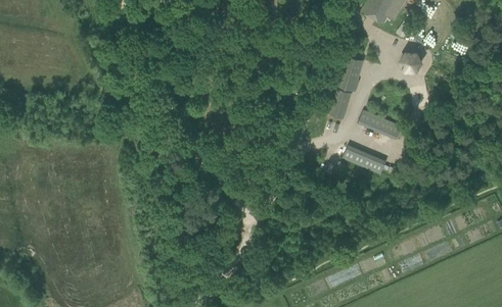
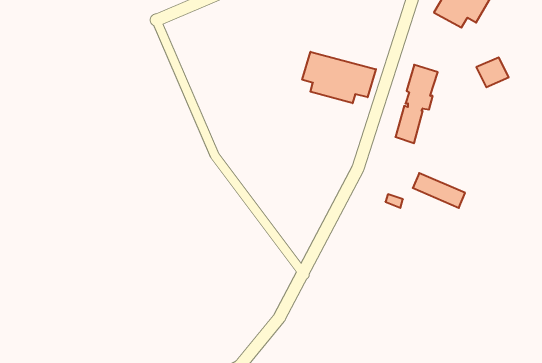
building: none -> [302,52,376,103]
building: [357,108,401,138] -> none

